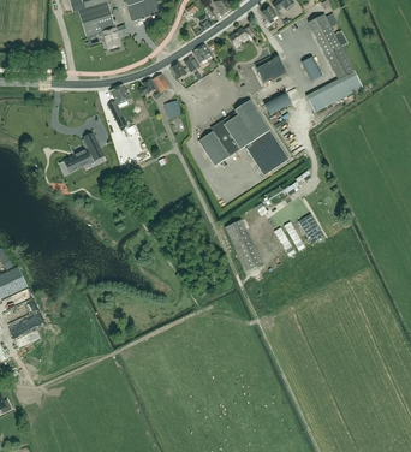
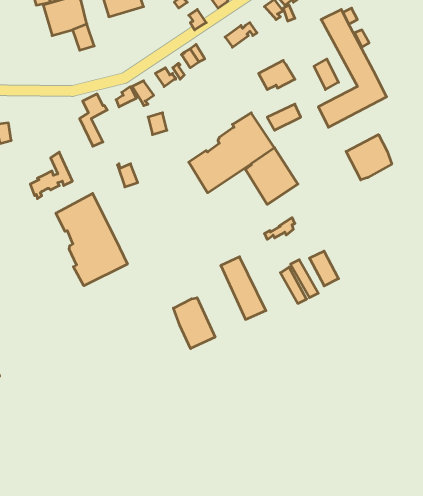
building: none -> [346,135,392,180]
building: none -> [56,193,127,286]
building: none -> [173,298,215,349]

